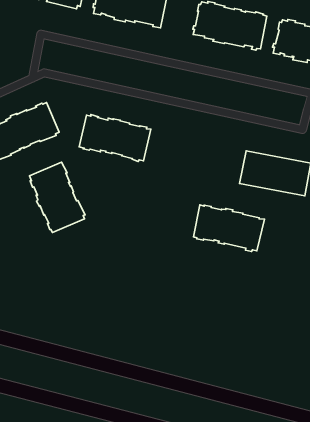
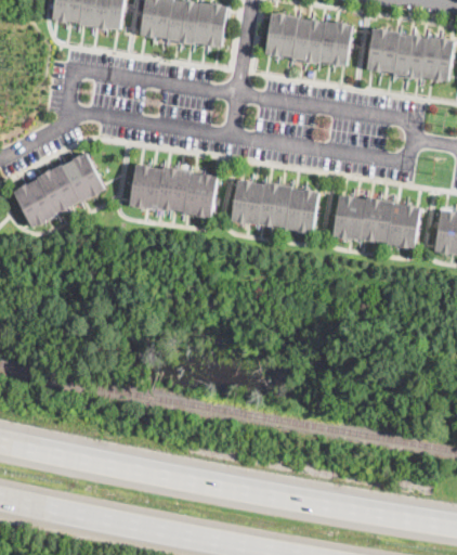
building: [29,162,85,233] -> none
building: [193,205,264,251] -> [233,180,319,233]

